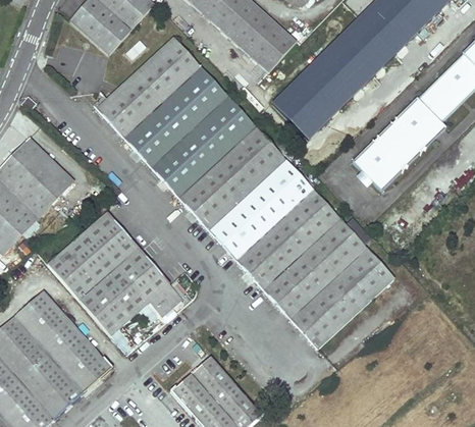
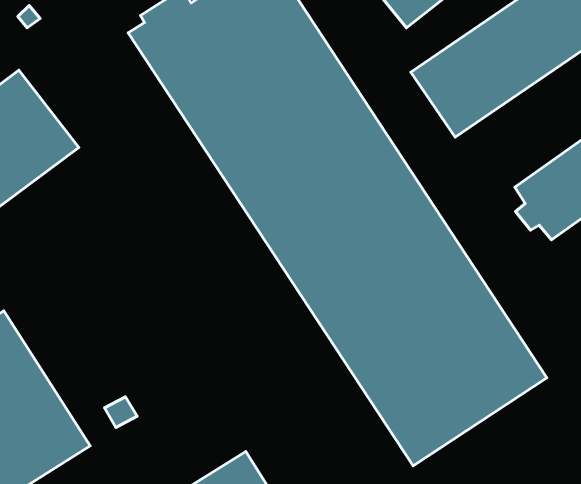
building: [47,212,181,335] -> none

